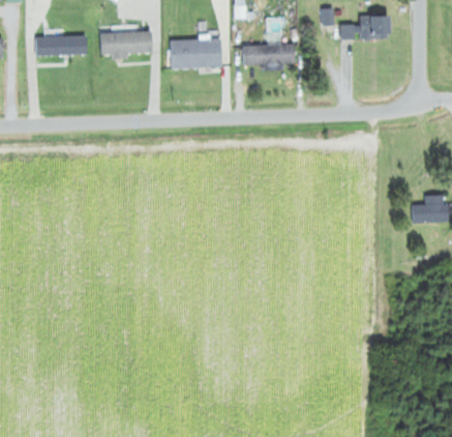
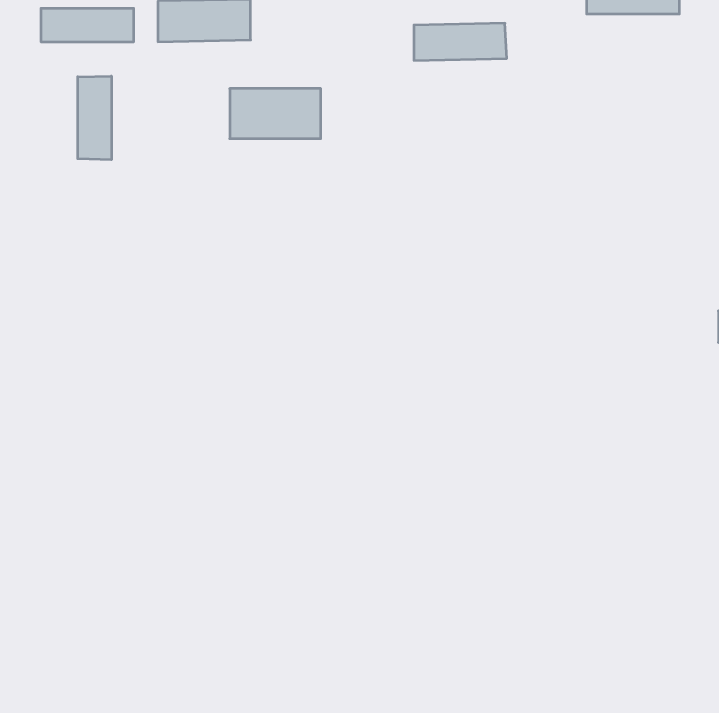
building: [171,39,221,67] -> [230,89,321,139]
building: none -> [78,76,111,160]

